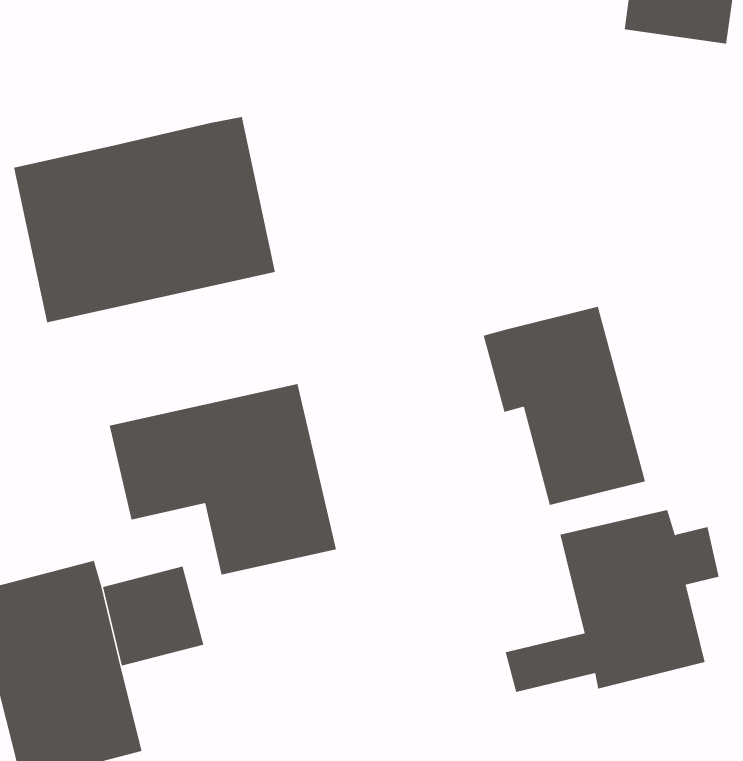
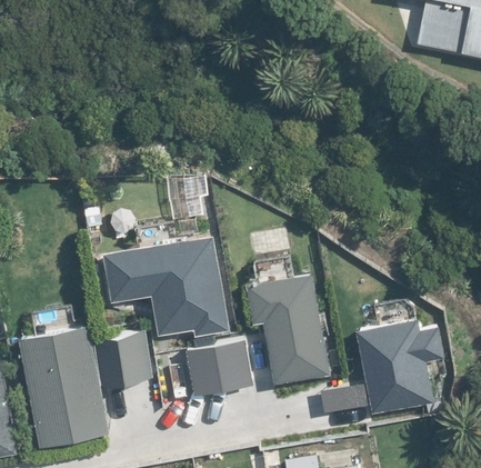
building: [13,116,276,323] -> none
building: [483,306,646,506] -> [245,271,332,382]
building: none -> [183,341,252,402]

